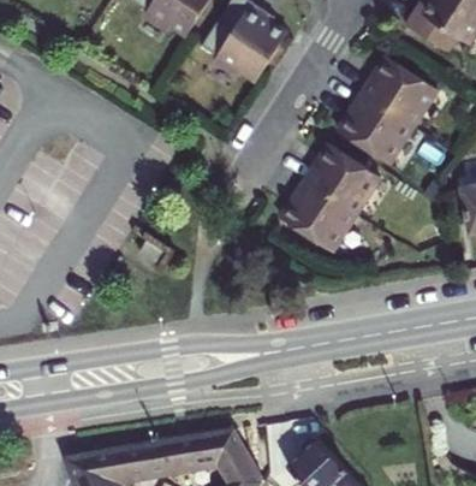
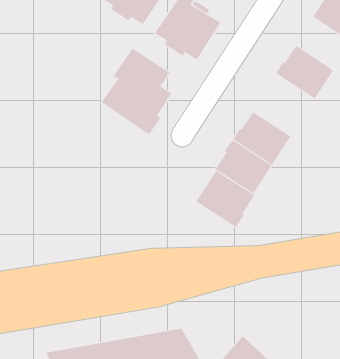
building: none -> [101,48,172,135]
building: [335,97,409,168] -> none
building: none -> [195,170,255,228]

